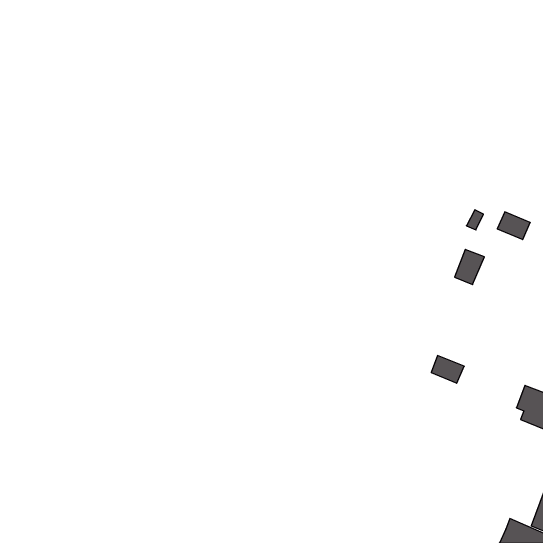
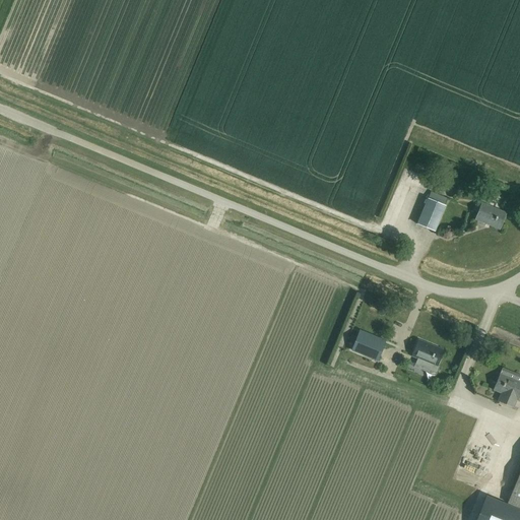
building: [455,249,484,285] -> [417,197,446,231]
building: none -> [353,332,385,360]

